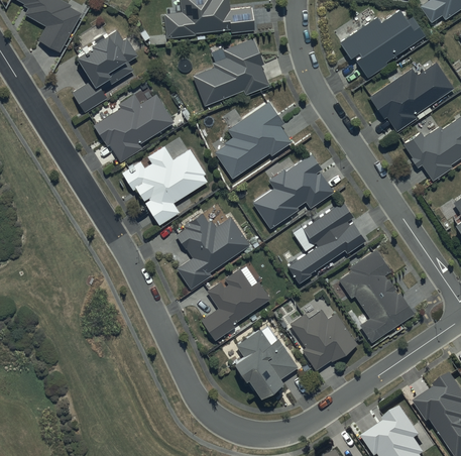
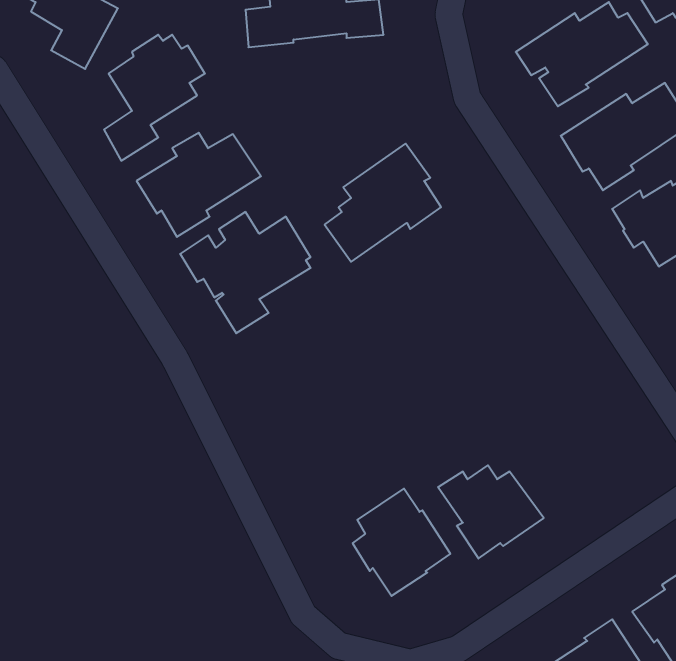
building: [193,37,269,105] -> none
building: [253,154,334,228] -> none
building: [287,202,365,282] -> none
building: [175,214,250,289] -> none
building: [339,249,415,342] -> none
building: [201,265,270,340] -> none

